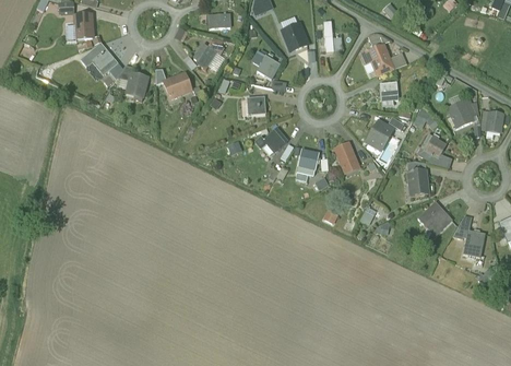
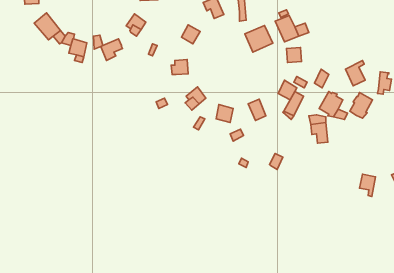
building: none -> [245,26,273,52]
building: none -> [350,93,372,118]
building: [417,201,451,235] -> none

